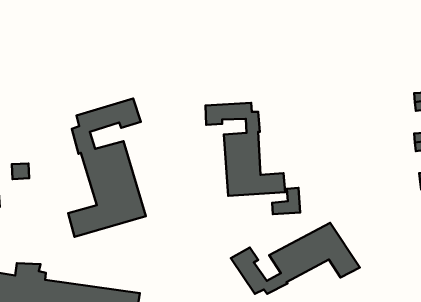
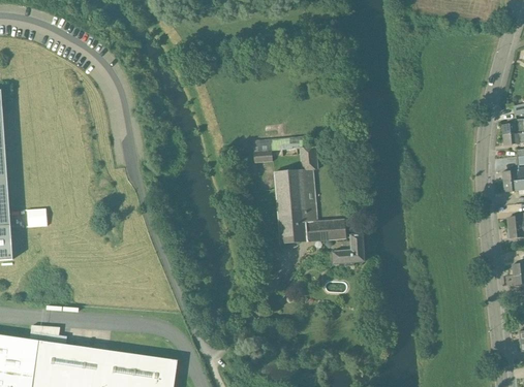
building: [68,98,146,237] -> none
building: [231,223,360,294] -> none

